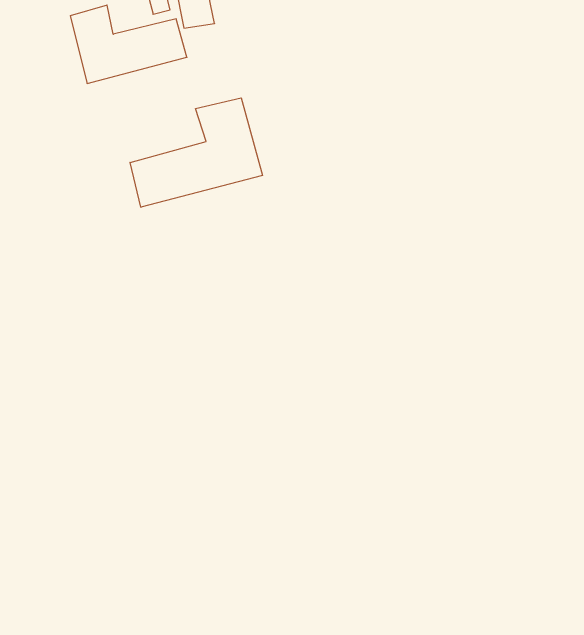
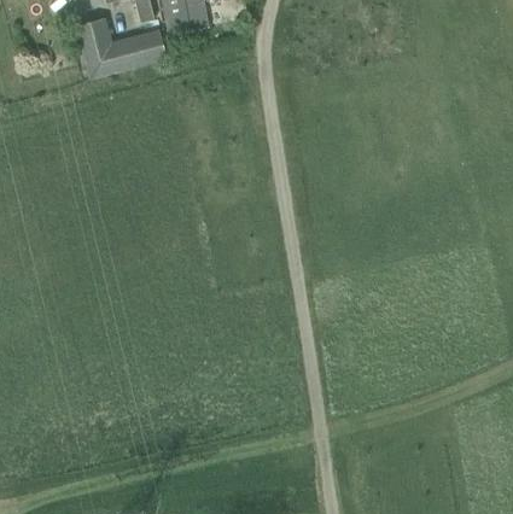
building: [130,98,262,207] -> none

